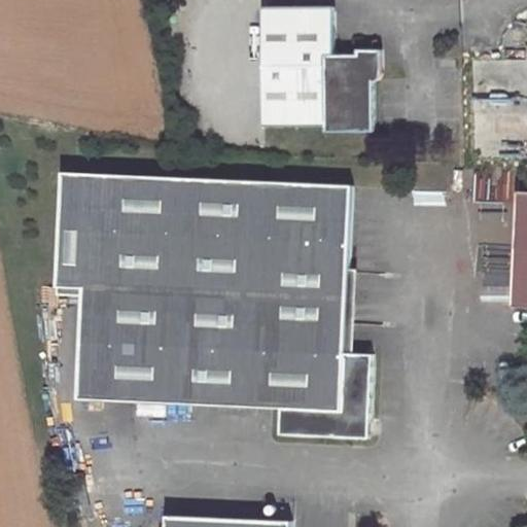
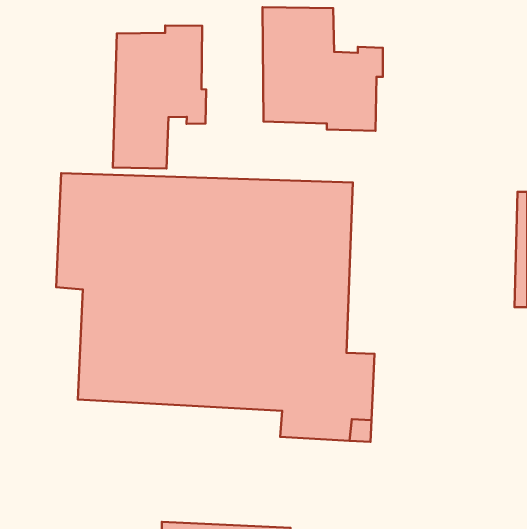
building: none -> [113,26,206,168]

